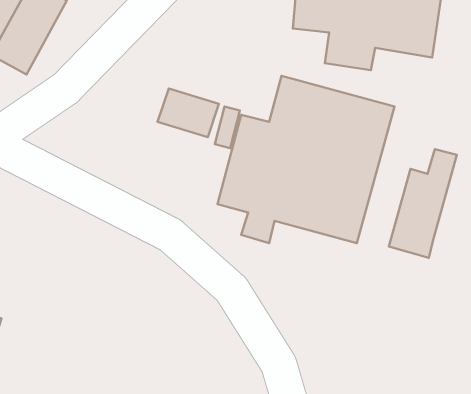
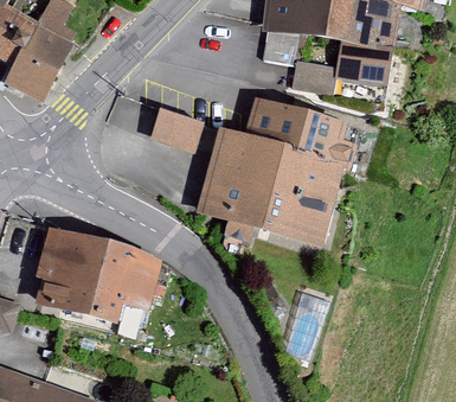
building: [389,149,457,258] -> none
building: none -> [37,236,156,319]

